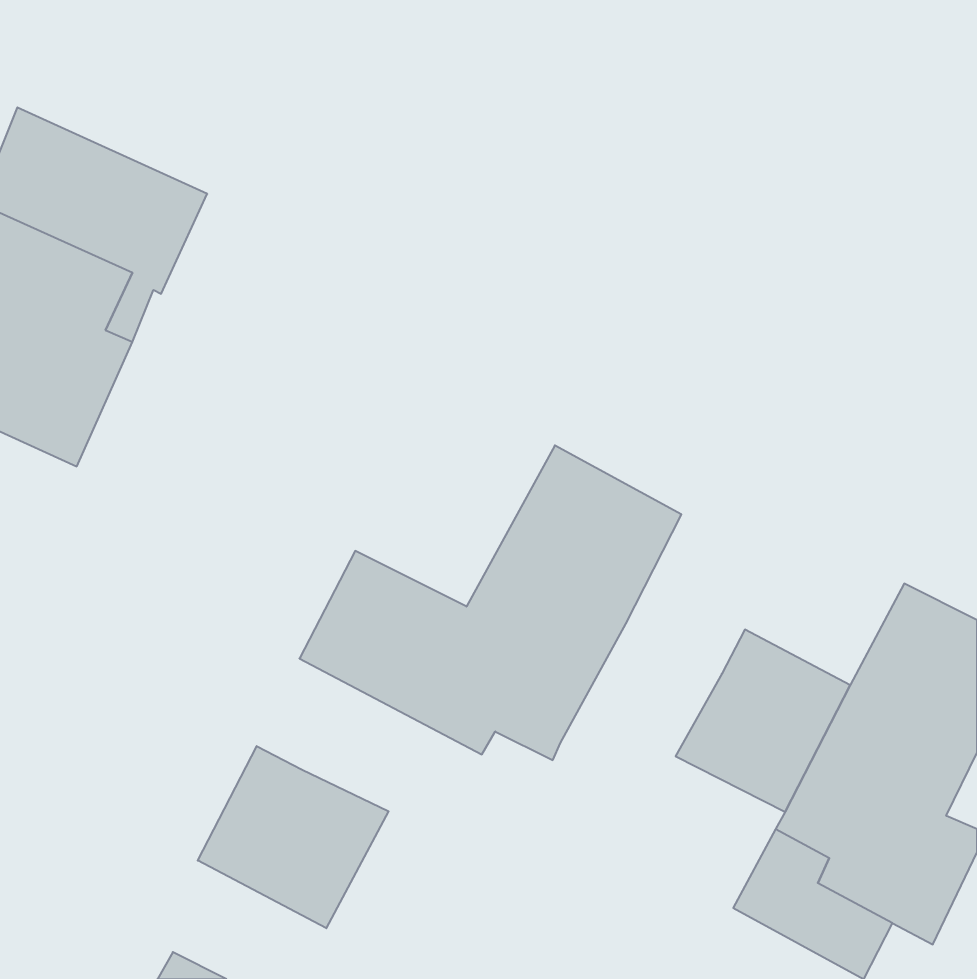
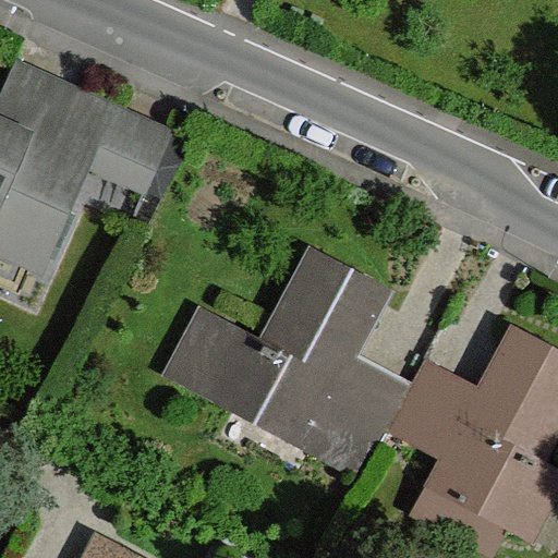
building: none -> [92,110,171,192]
building: none -> [318,354,410,448]
building: [198,746,389,928] -> none

